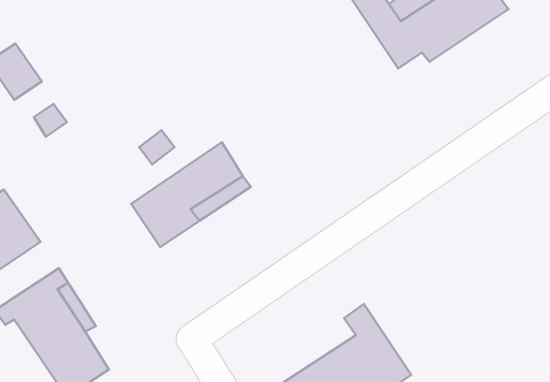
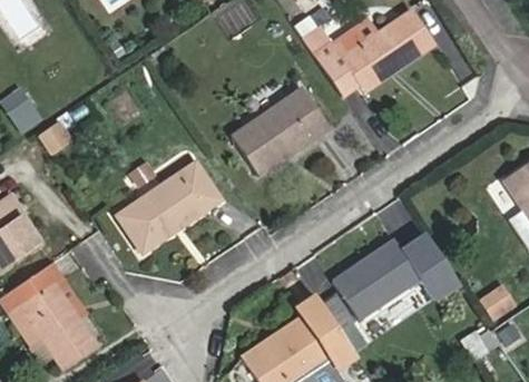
building: none -> [235,87,331,175]
building: none -> [333,243,451,325]

